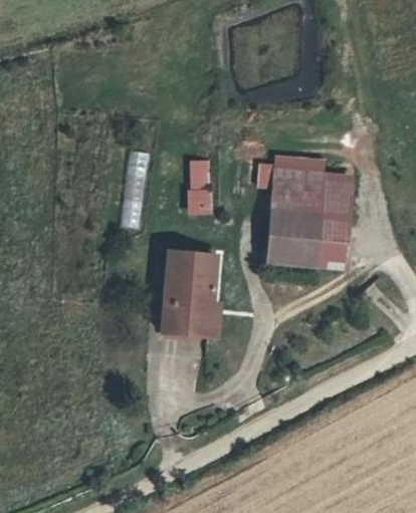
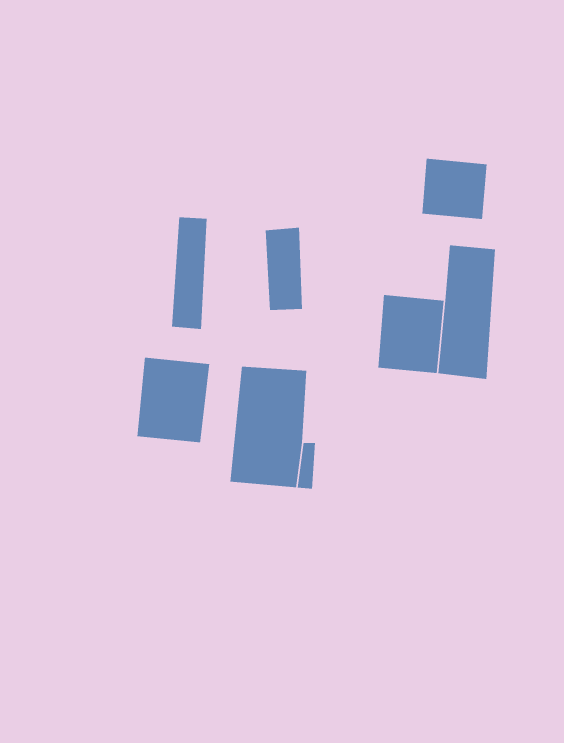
building: [268,166,314,208] -> [422,158,487,220]
building: none -> [137,357,210,443]

